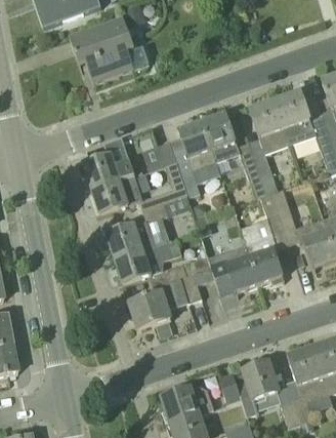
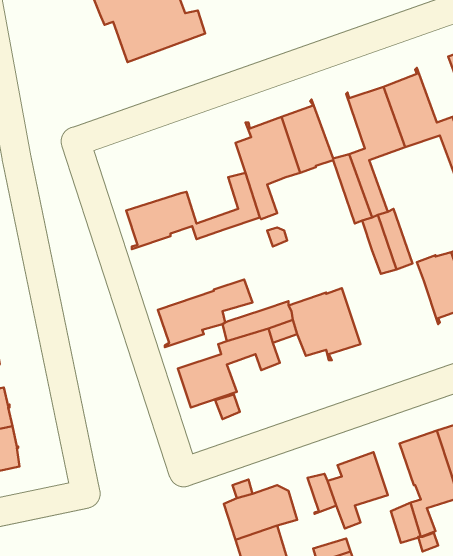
building: [142,140,177,168] -> none
building: [80,155,135,188] -> none
building: [102,201,167,258] -> none
building: [241,221,284,283] -> none

